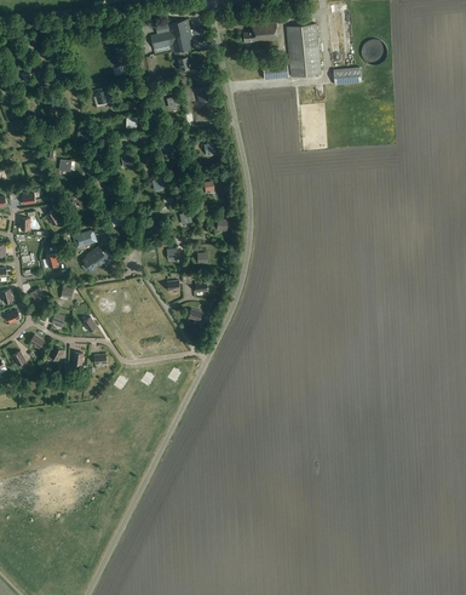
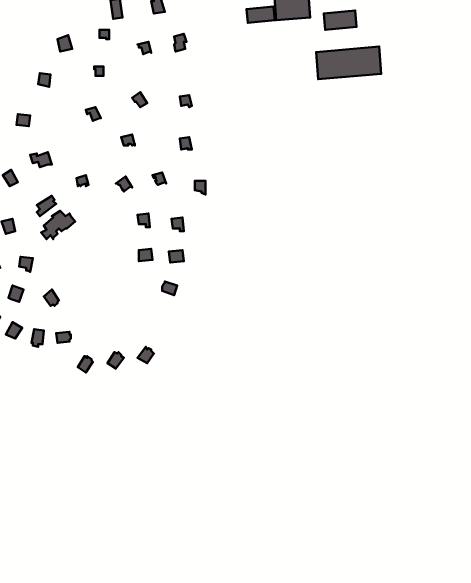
building: none -> [316,47,381,79]

